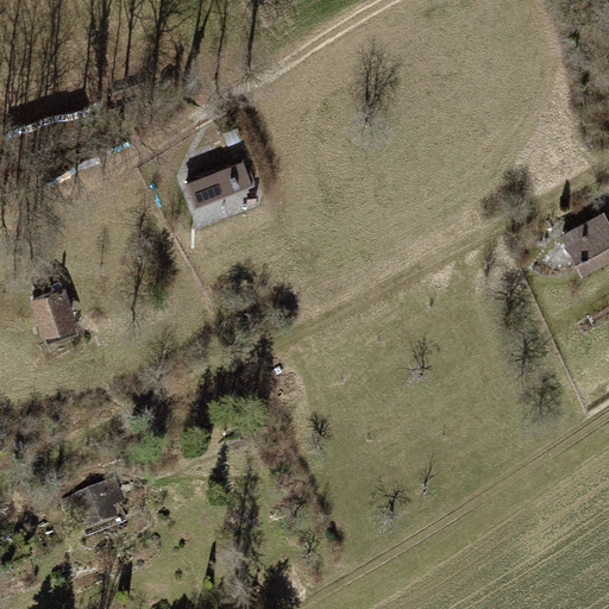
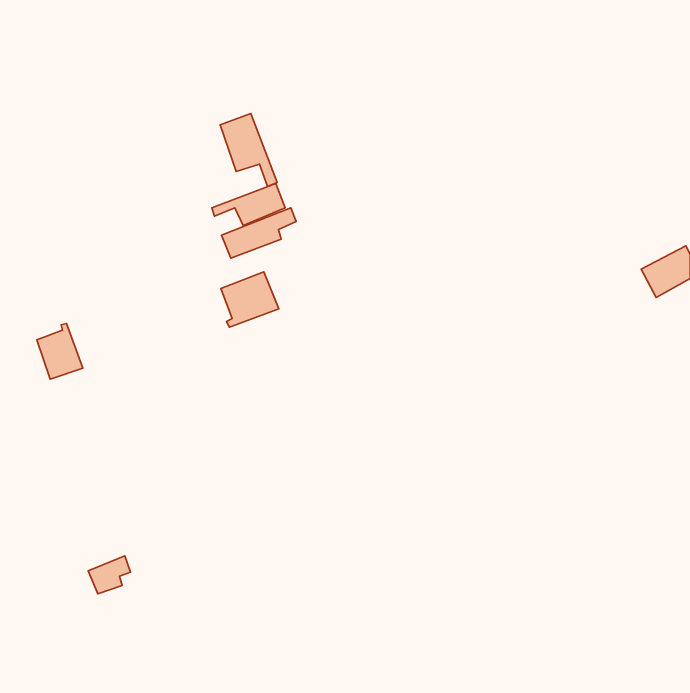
building: none -> [220,113,277,187]
building: none -> [221,272,279,327]

